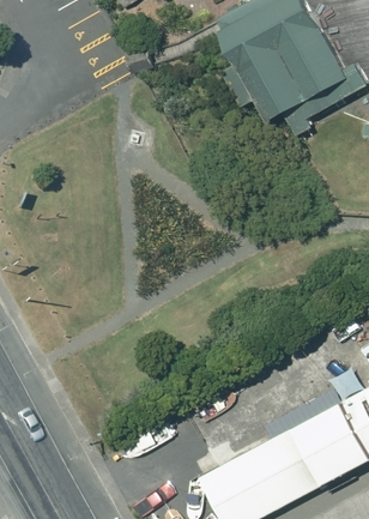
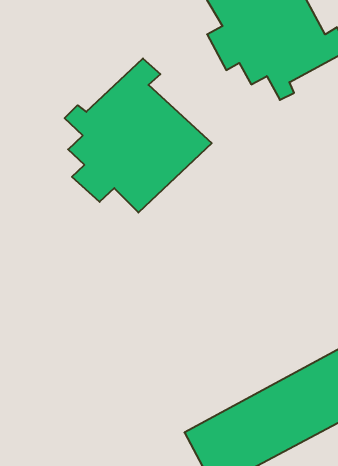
building: none -> [65,58,212,213]

